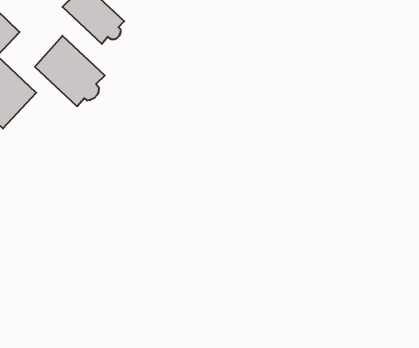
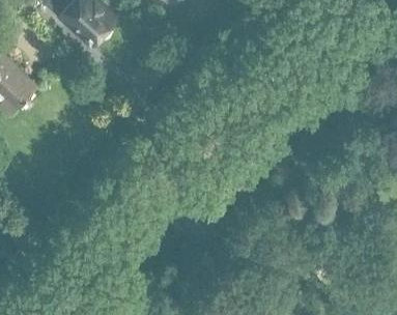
building: [35,36,105,106] -> none

